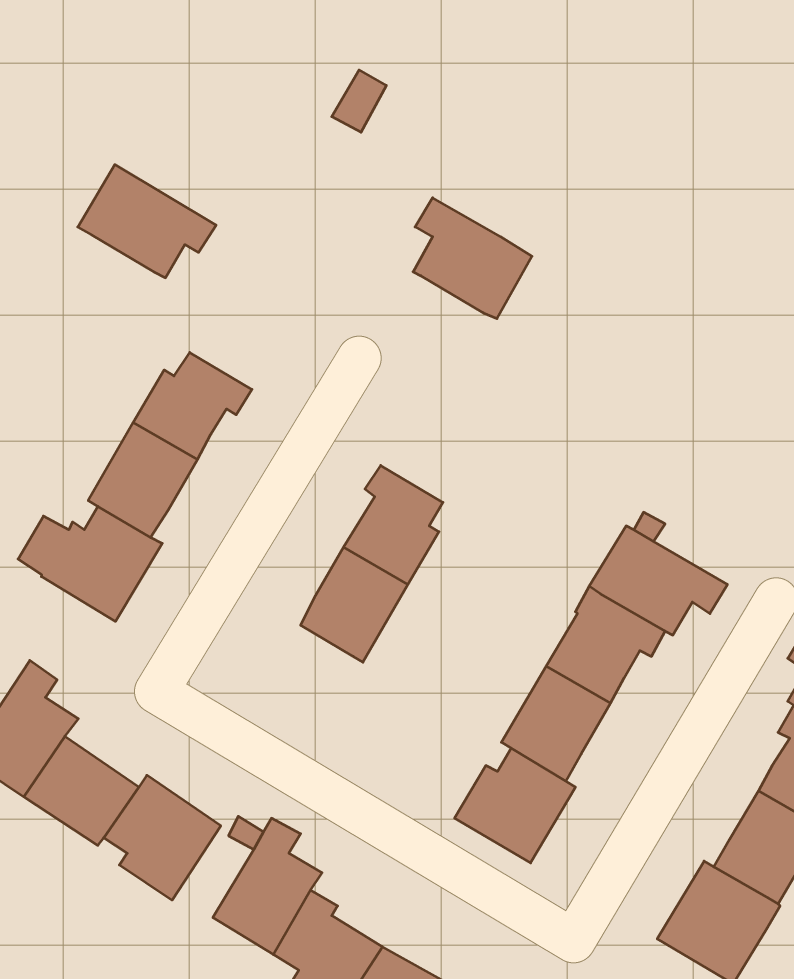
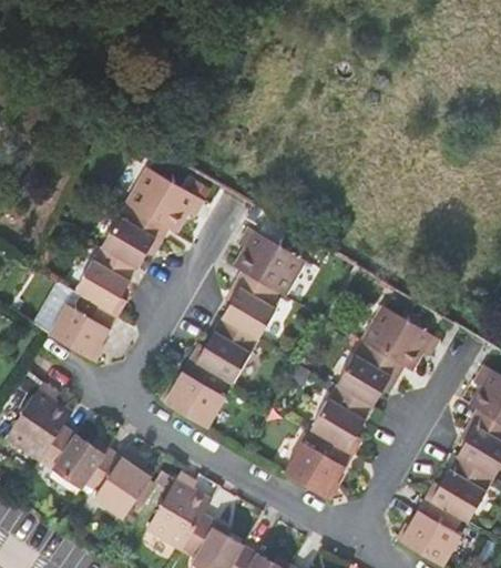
building: [78,165,216,278] -> [125,166,204,231]
building: [413,198,532,319] -> [237,226,305,295]
building: none -> [164,358,226,427]

